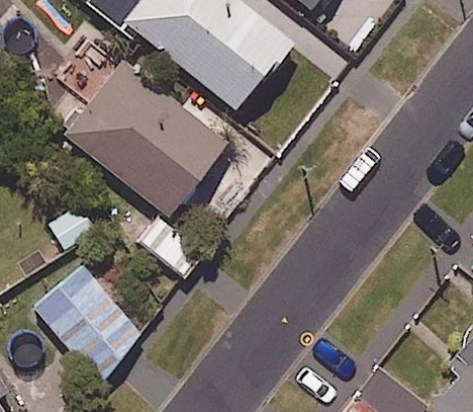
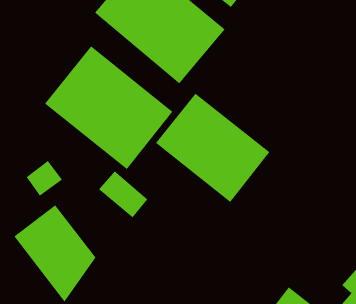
building: none -> [155,93,270,203]

